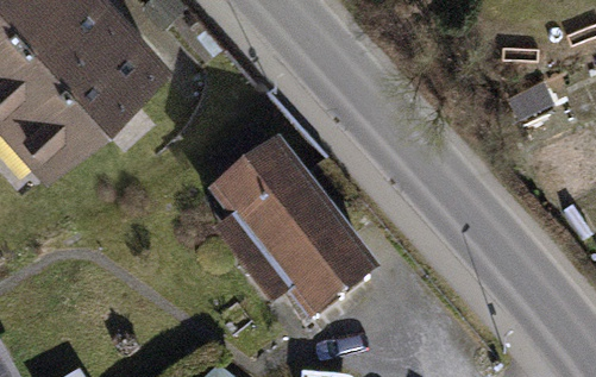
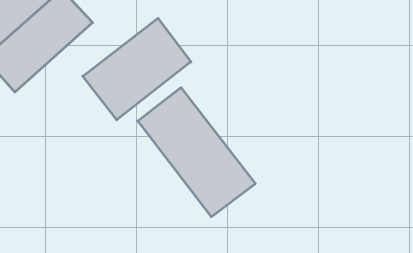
building: none -> [83,18,191,120]

